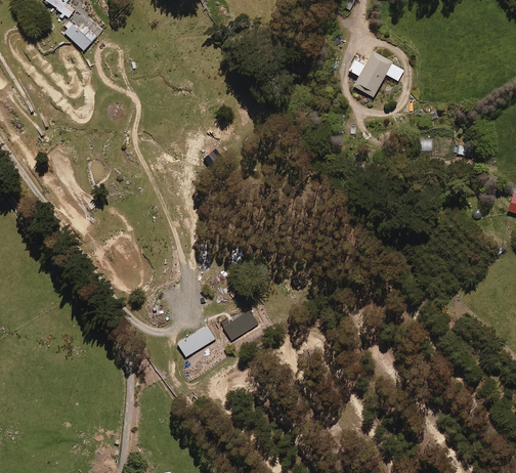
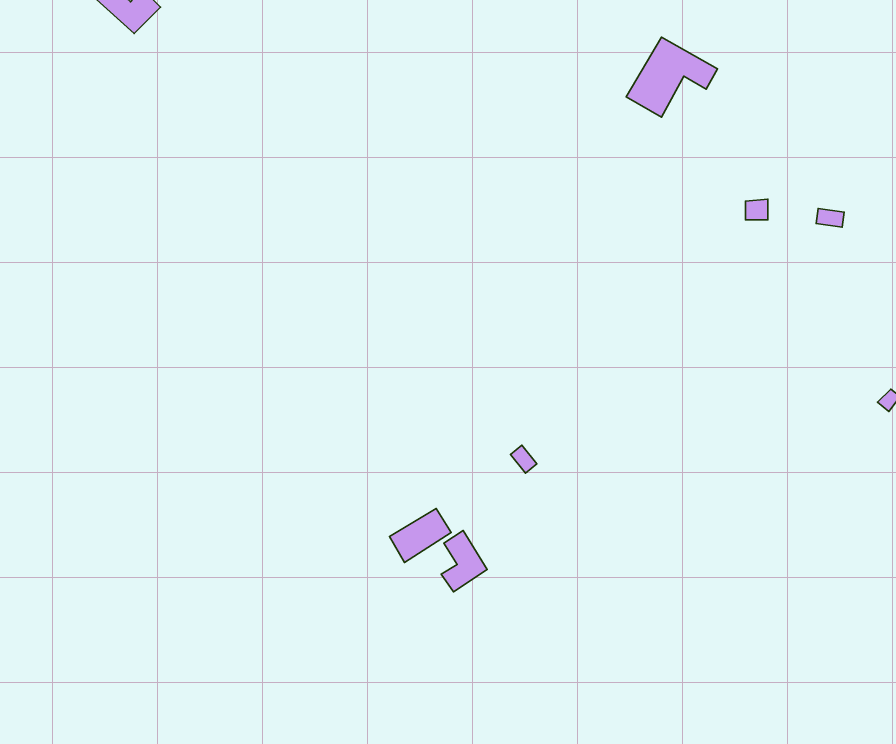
building: none -> [441,531,487,592]
building: [177,326,214,356] -> none

